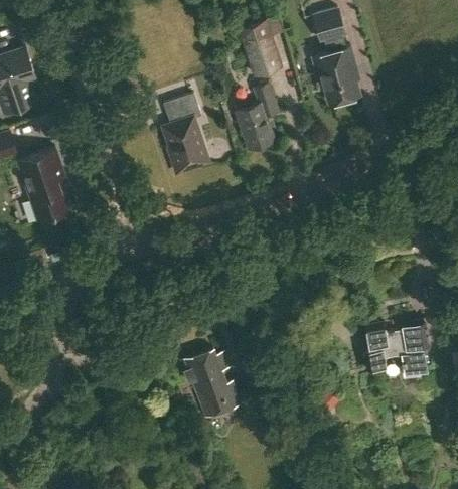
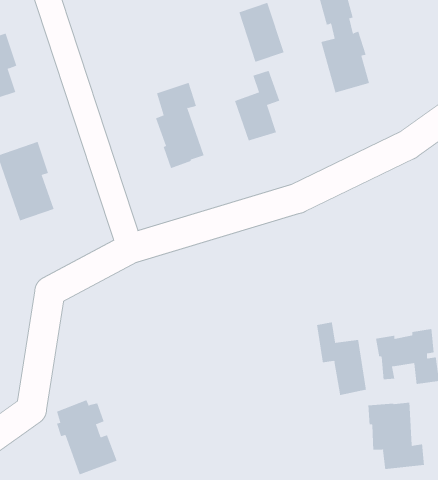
building: none -> [317,322,366,396]
building: [185,350,242,420] -> [56,399,117,475]
building: none -> [368,402,425,470]

